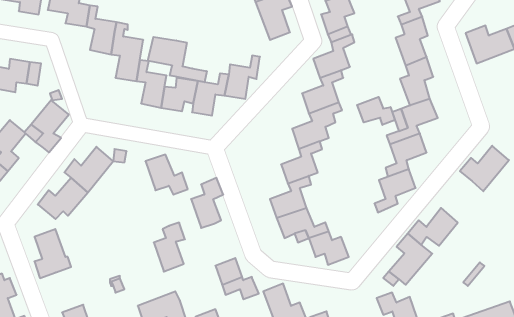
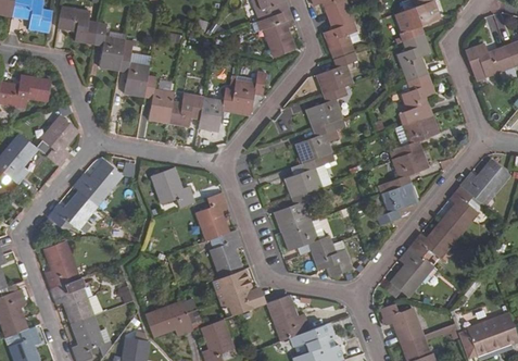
building: [148,37,207,82] -> none
building: [357,97,395,125] -> none
building: none -> [441,185,477,235]
building: [154,223,185,272] -> [211,229,241,277]
building: none -> [49,277,91,323]

